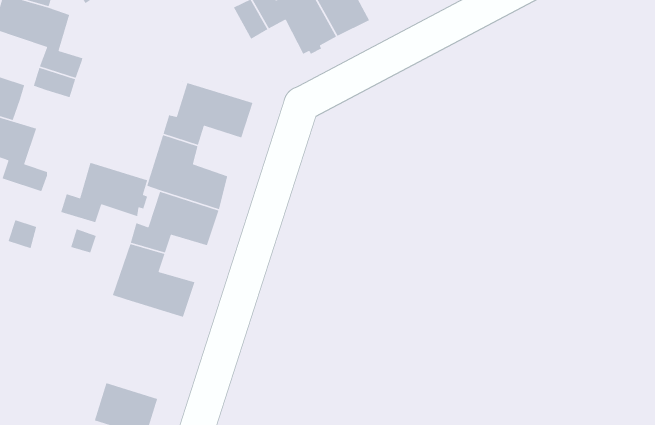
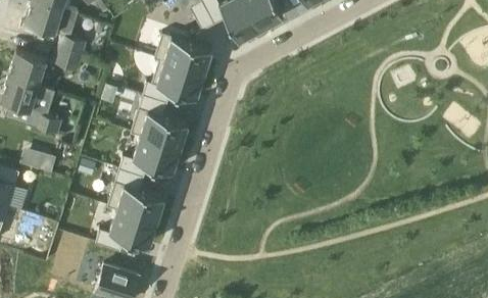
building: none -> [154,35,212,75]
building: [60,162,148,223] -> [96,209,156,251]

